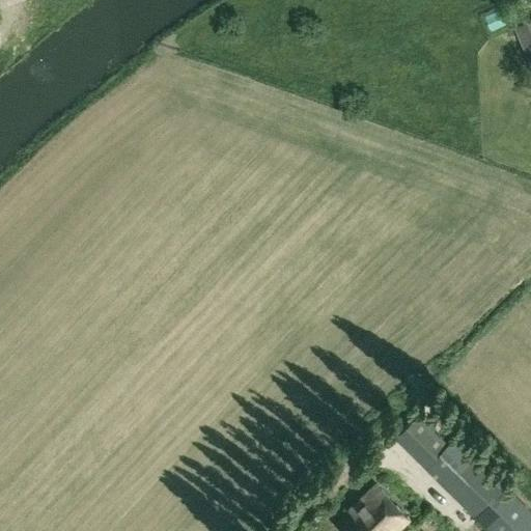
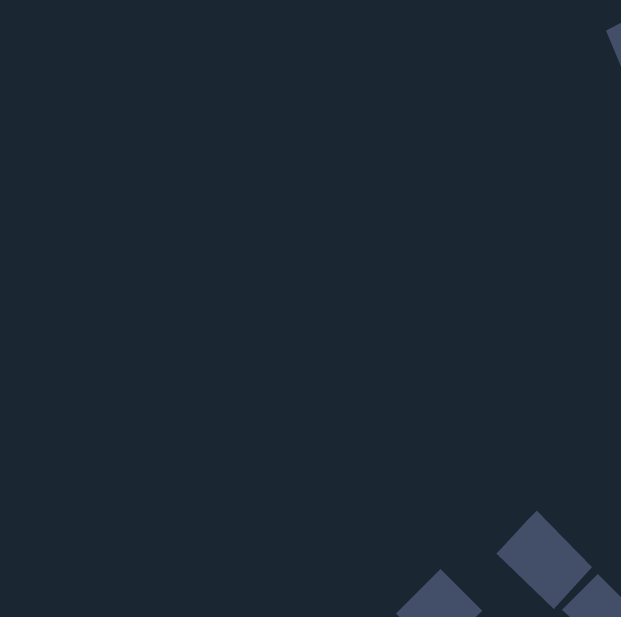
building: [396,417,450,472] -> none

